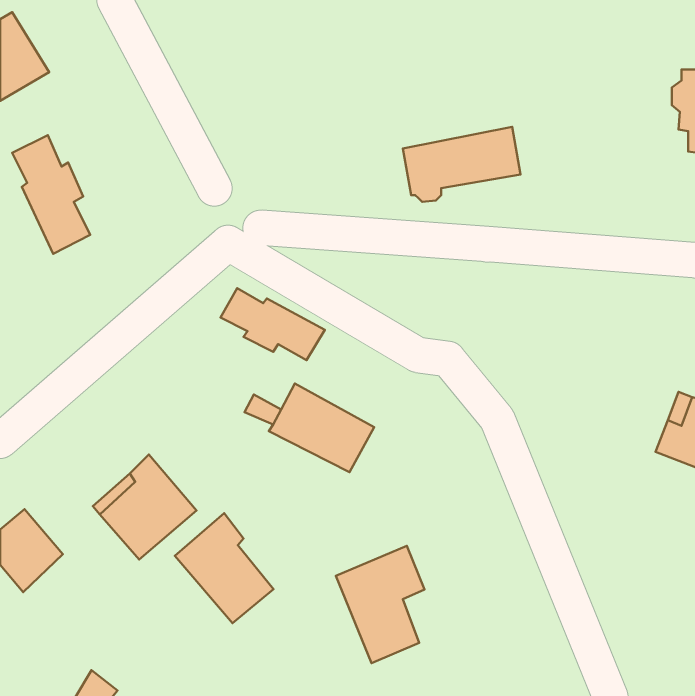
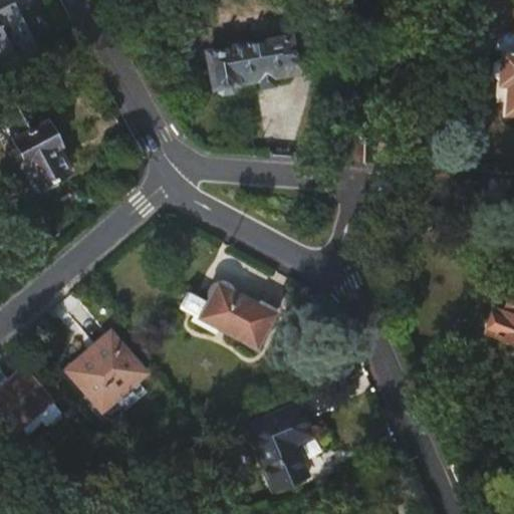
building: [403,127,520,202] -> [210,36,296,91]
building: [220,288,325,360] -> none
building: [175,513,273,623] -> none

